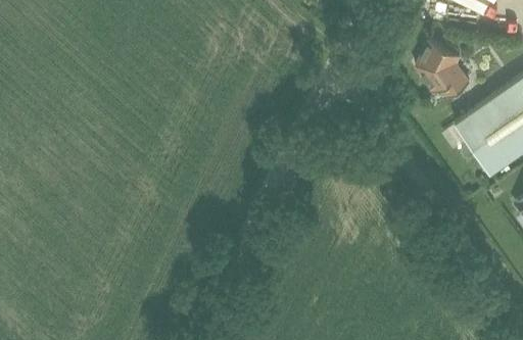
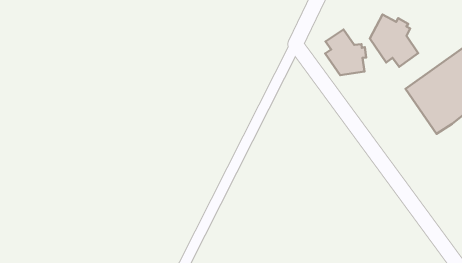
building: none -> [325,29,366,75]

